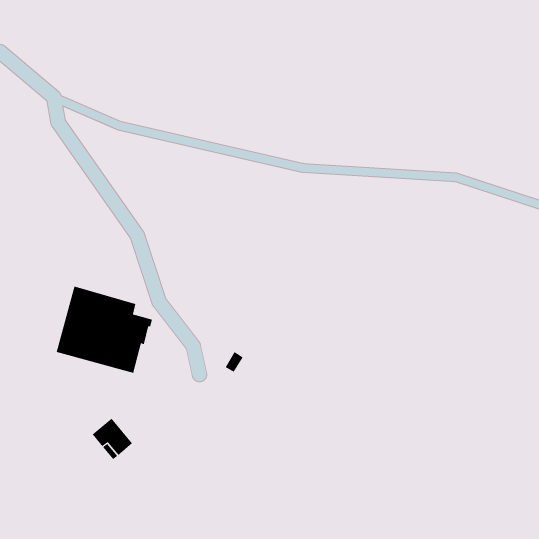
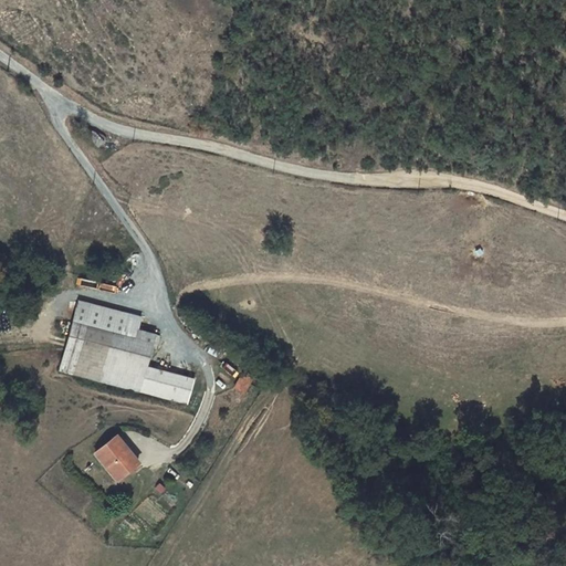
building: none -> [140,366,195,405]

